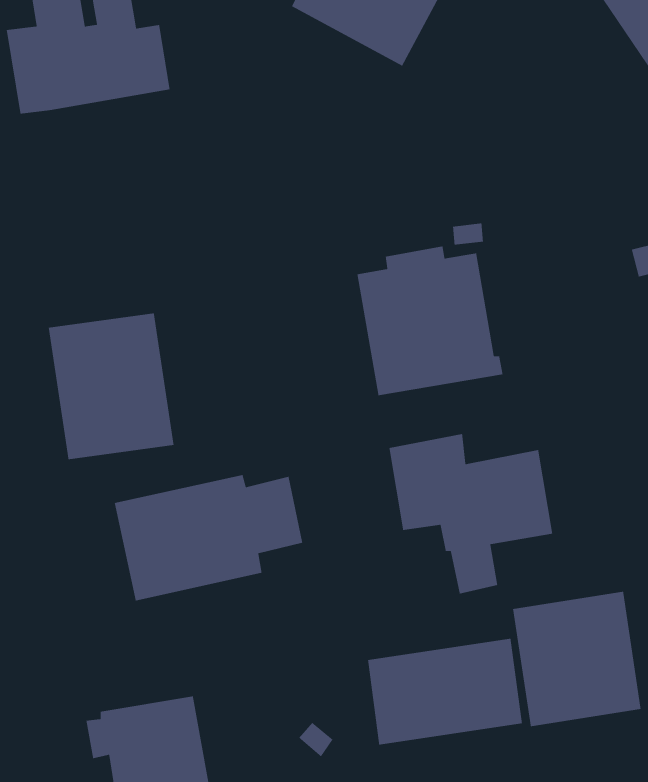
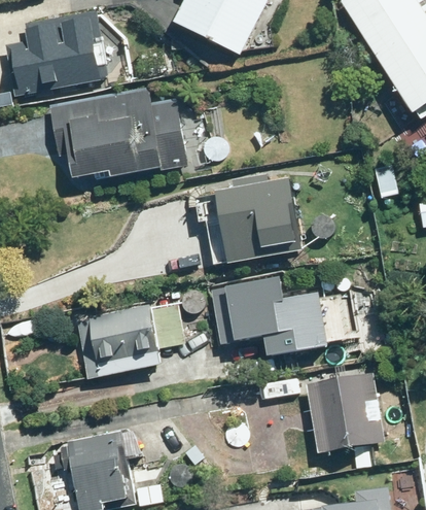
building: none -> [48,92,185,172]
building: [48,312,174,460] -> none
building: [367,638,523,745] -> none

